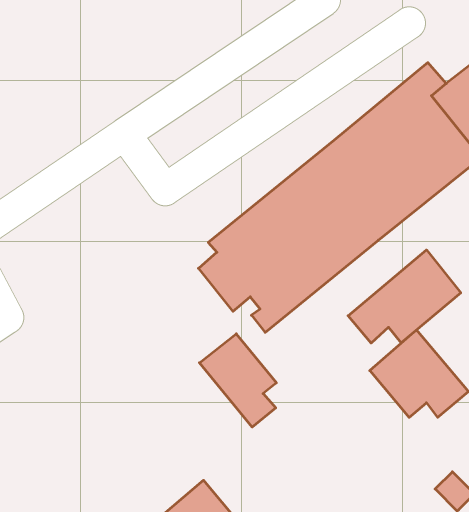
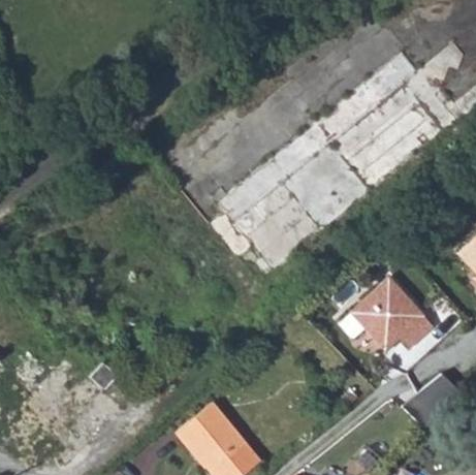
building: [348,250,461,343] -> none
building: [199,334,276,427] -> none

